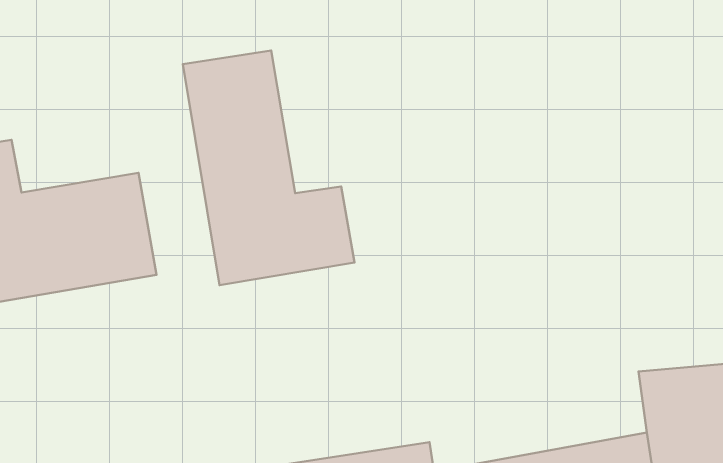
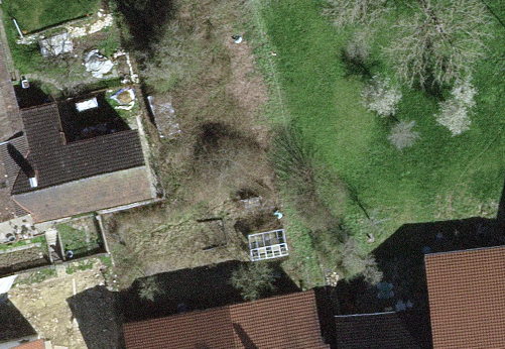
building: [183,51,354,285] -> none

